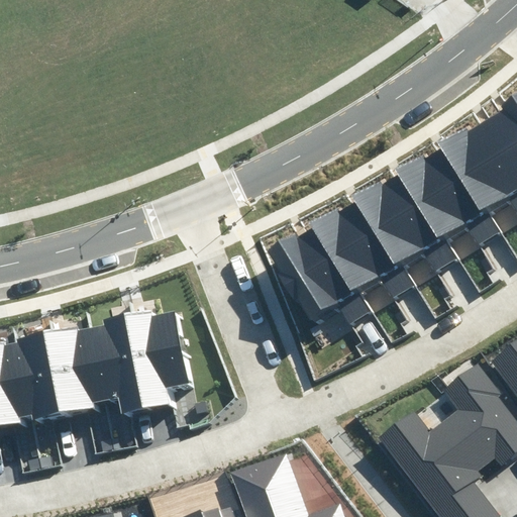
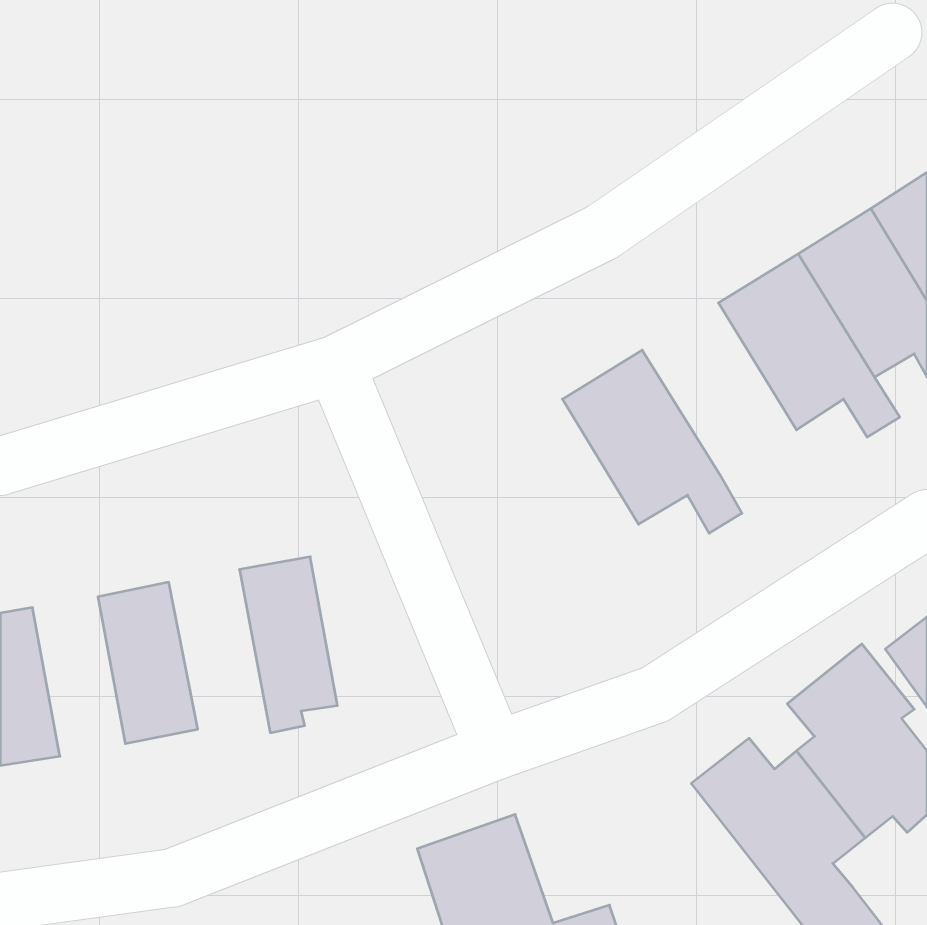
building: [357,170,455,272] -> none
building: [268,223,369,325] -> none
building: [94,318,150,415] -> none
building: [18,333,70,422] -> none

